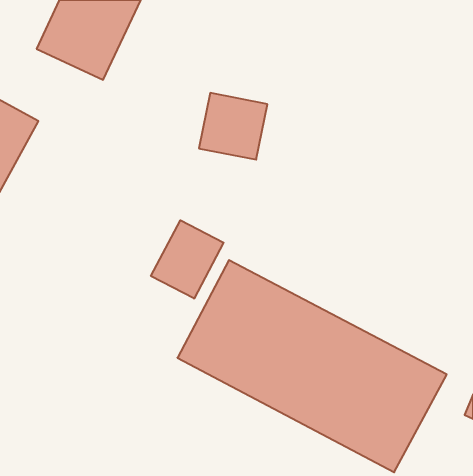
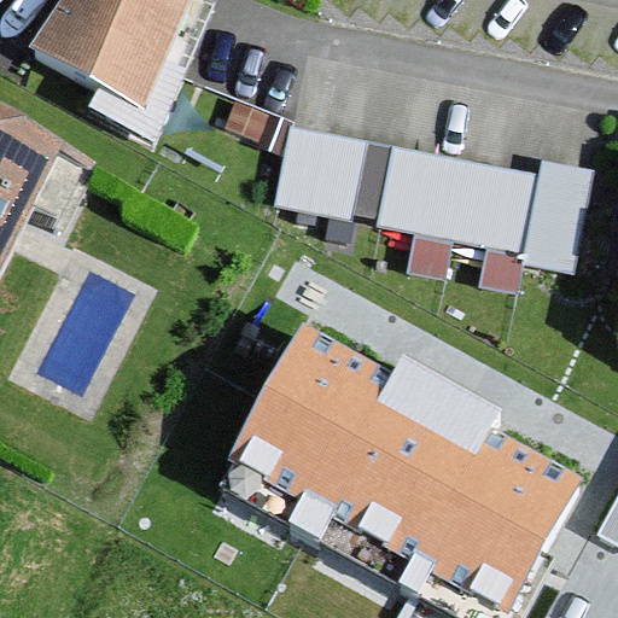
building: none -> [360,140,575,268]
building: [151,220,224,299] -> none

